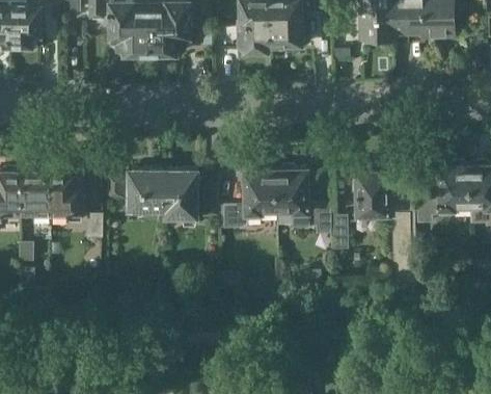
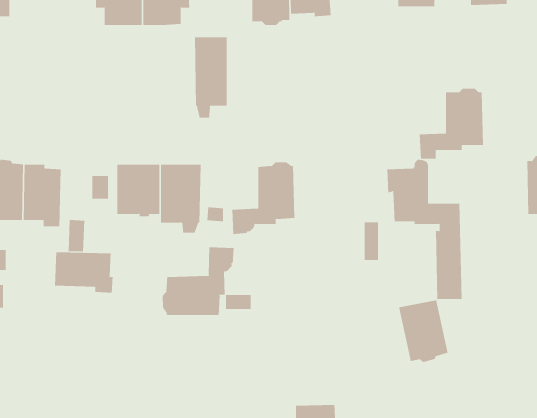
building: none -> [195,37,227,118]
building: [414,165,468,225] -> [419,88,484,159]
building: [274,168,328,236] -> none
building: none -> [162,247,234,316]
building: none -> [54,252,113,294]
building: none -> [398,299,448,363]

